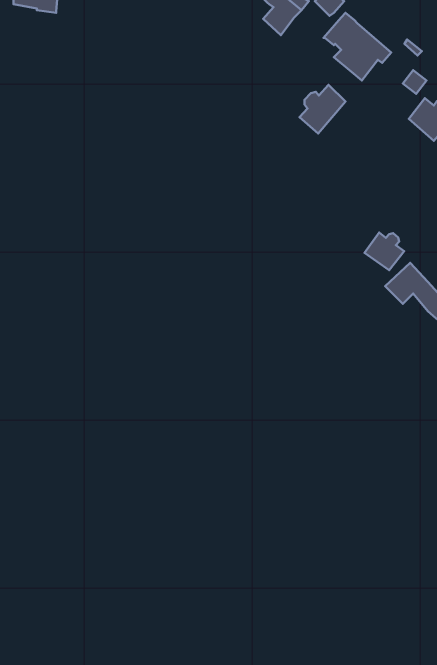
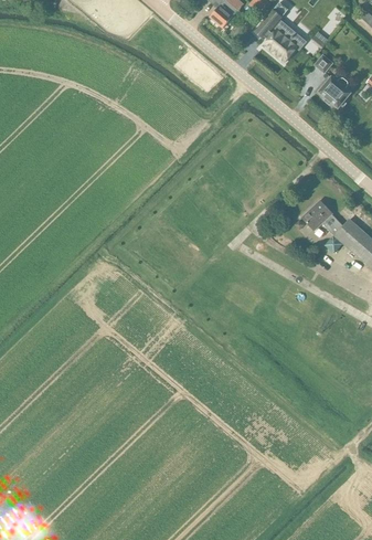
building: [299,85,346,133] -> none
building: [364,233,404,270] -> none

